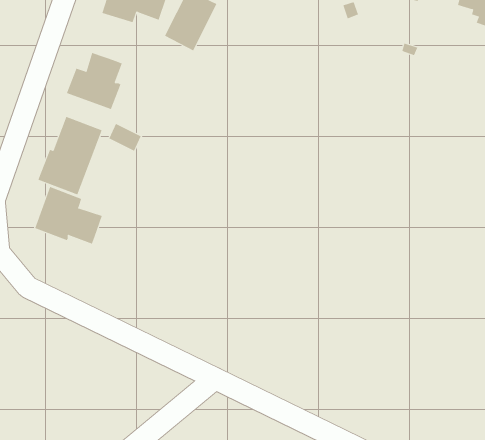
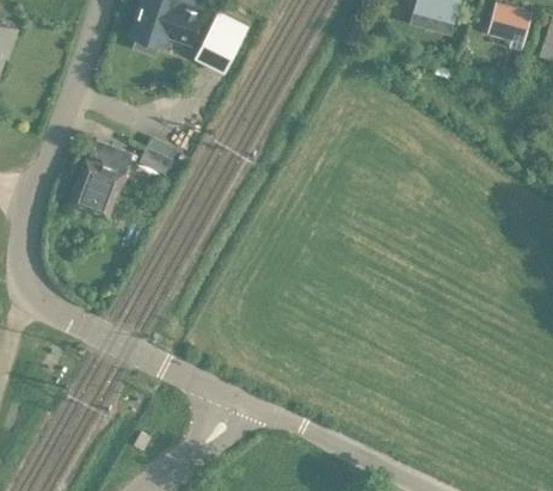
building: [66,52,123,110] -> none
building: [35,186,102,244] -> none

